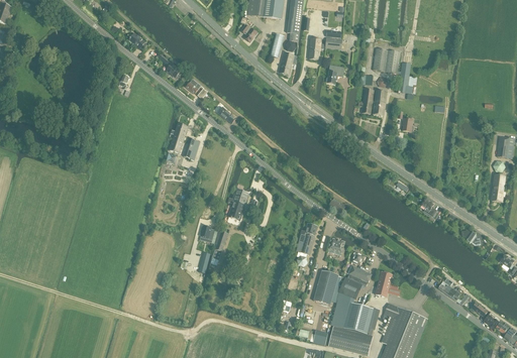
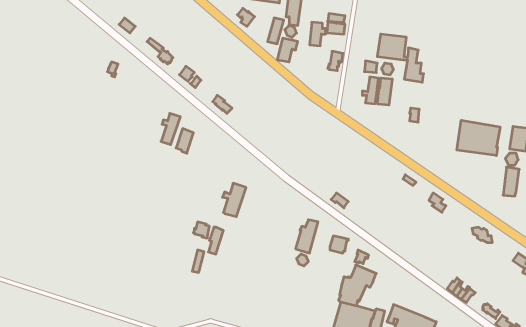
building: none -> [457,120,500,156]
building: [313,270,340,305] -> none
building: [375,271,400,296] -> none

